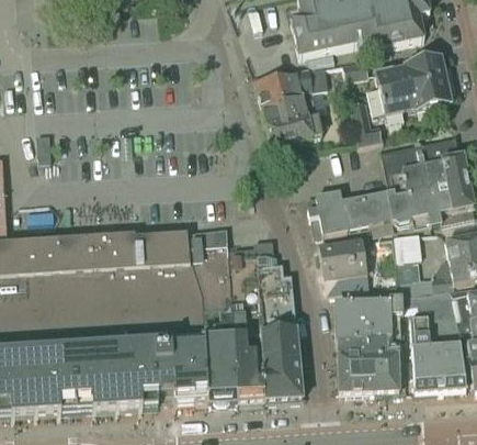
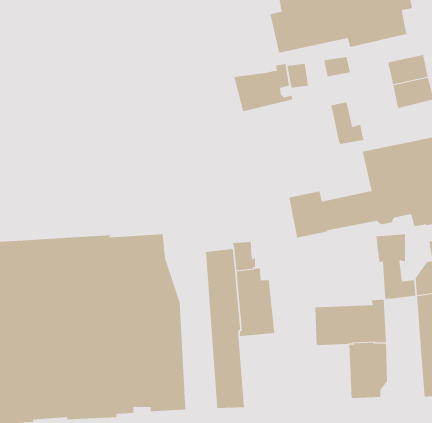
building: [365,65,413,122] -> none
building: [263,99,321,144] -> none
building: [186,226,238,401] -> none
building: [317,237,368,291] -> none
building: [407,290,440,390] -> none
building: [260,326,302,399] -> none
building: [337,337,368,391] -> none

